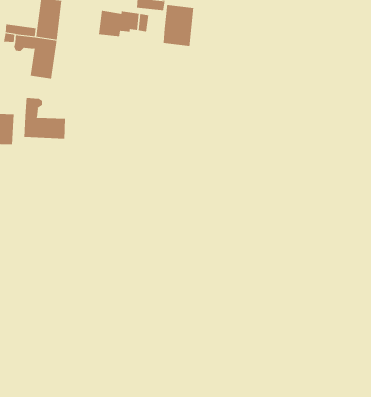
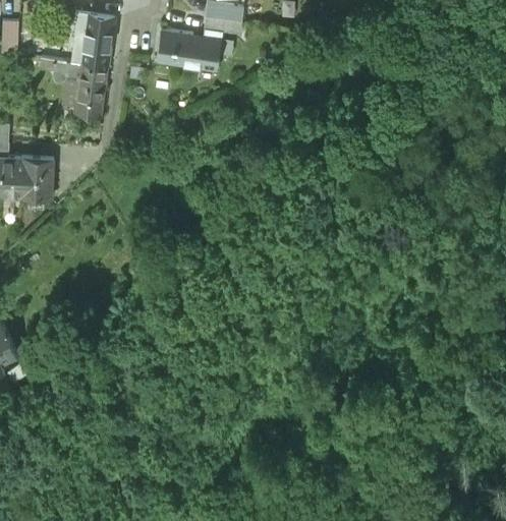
building: [163,4,194,47] -> none
building: [24,97,66,139] -> none

